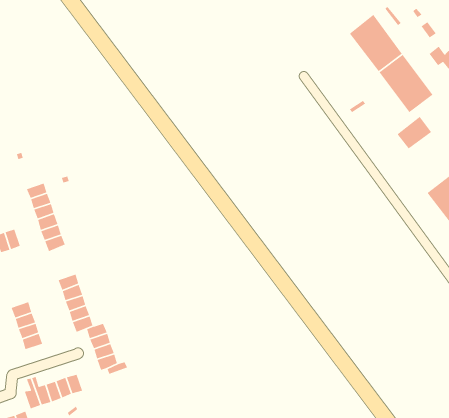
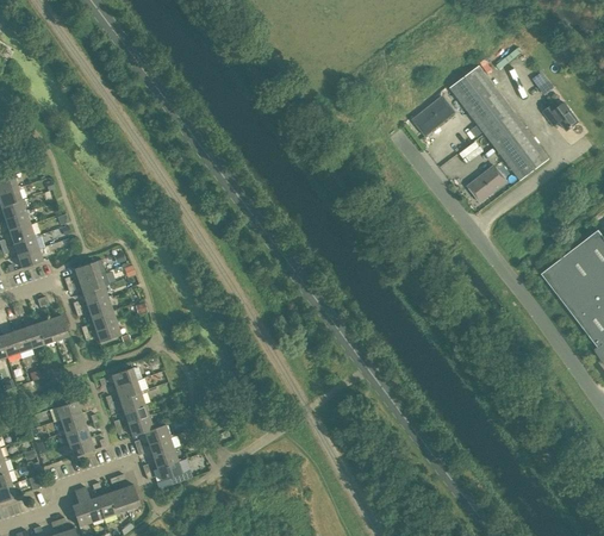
building: none -> [412,98,454,136]
building: [396,116,432,149] -> [465,164,506,204]

